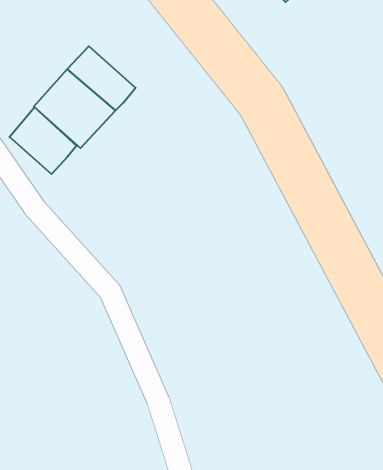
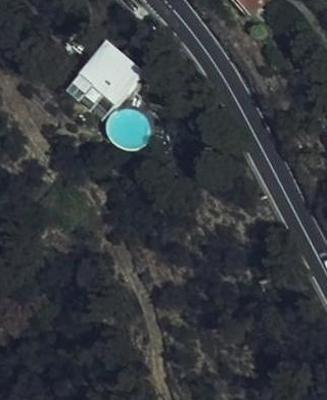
building: [9,107,77,174] -> none

